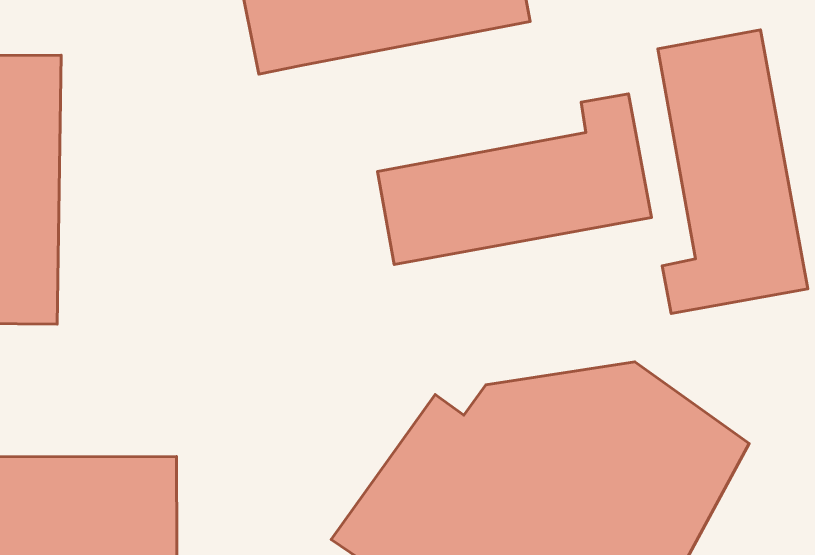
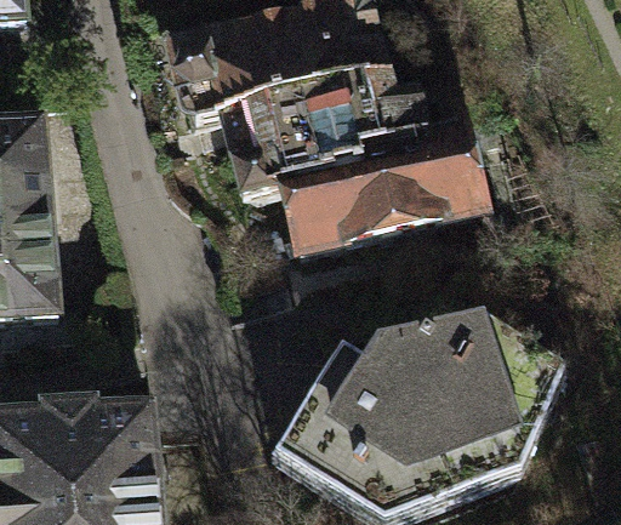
building: none -> [222,67,432,189]
building: [658,30,808,313] -> none

